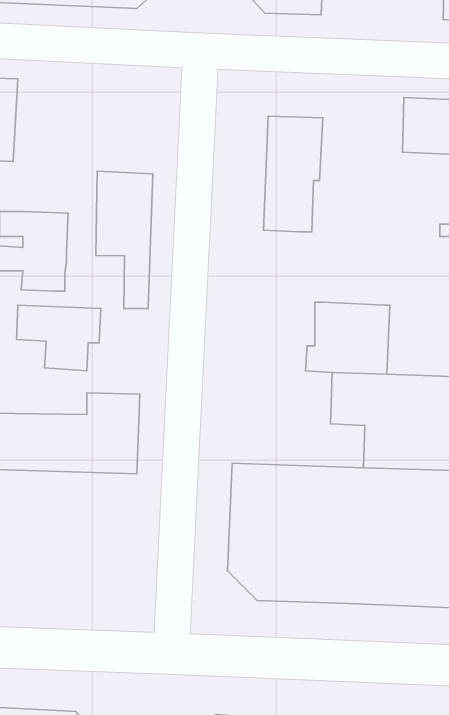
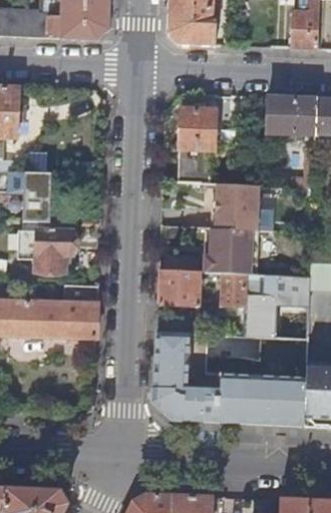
building: [96,171,153,309] -> none
building: none -> [216,183,258,230]
building: none -> [157,272,206,307]

